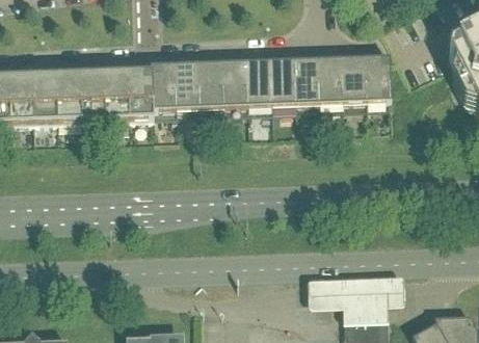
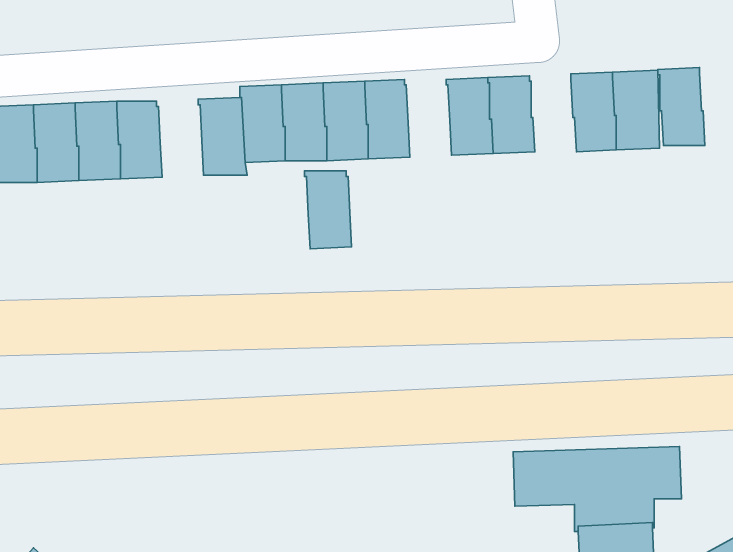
building: [316,58,343,103] -> [658,68,705,145]
building: [244,61,271,106] -> [305,171,352,249]
building: [102,73,129,117] -> none

